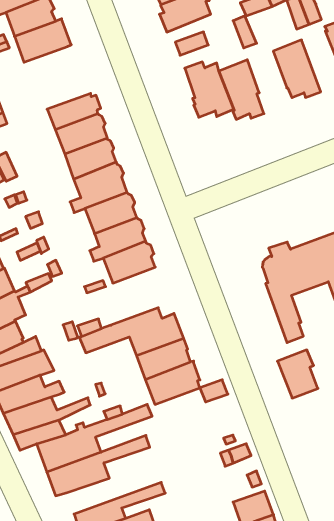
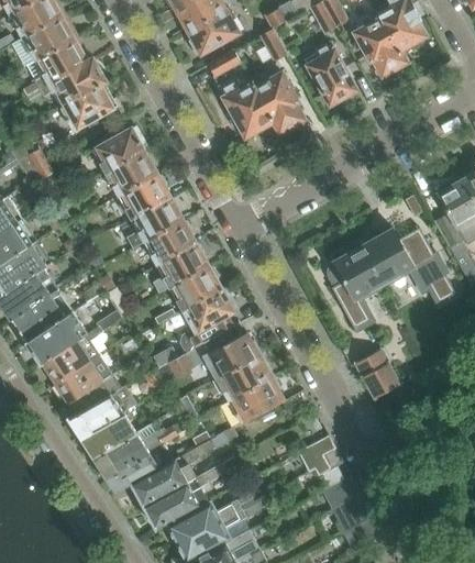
building: none -> [62,85,115,130]
building: none -> [179,287,239,353]
building: none -> [166,492,258,544]

